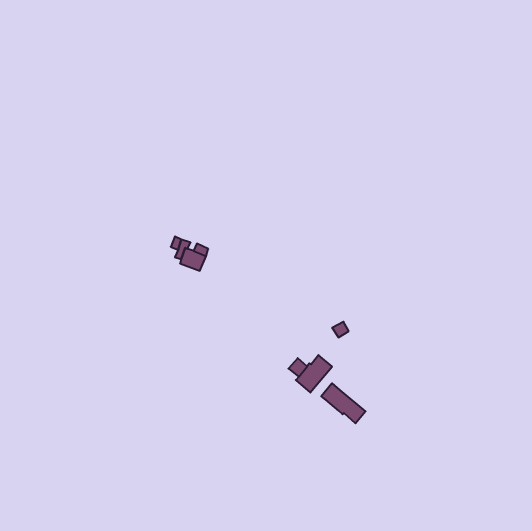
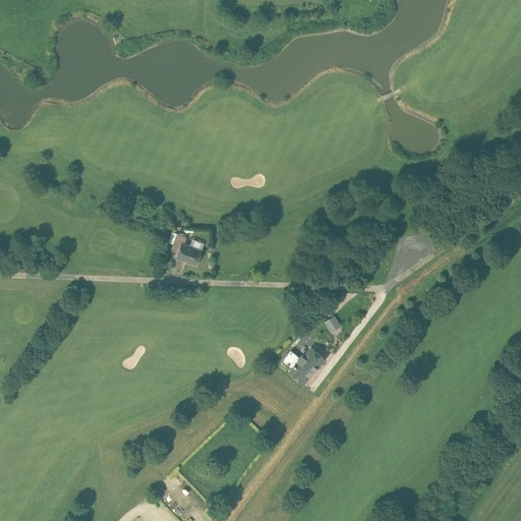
building: [321,383,366,423] -> none

